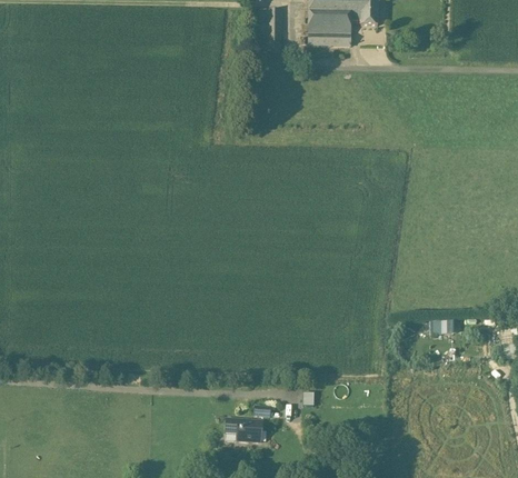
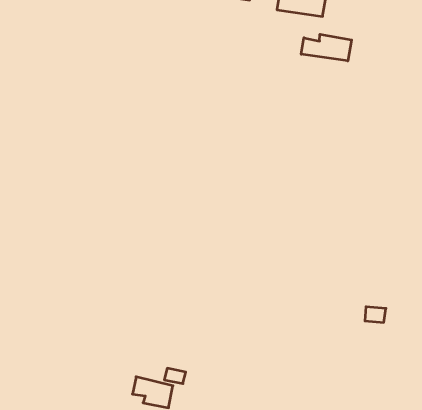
building: none -> [301,34,352,61]

